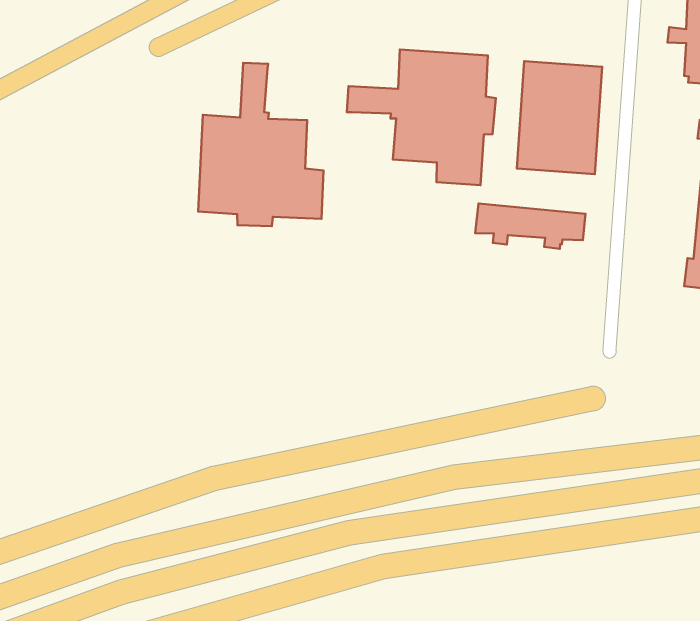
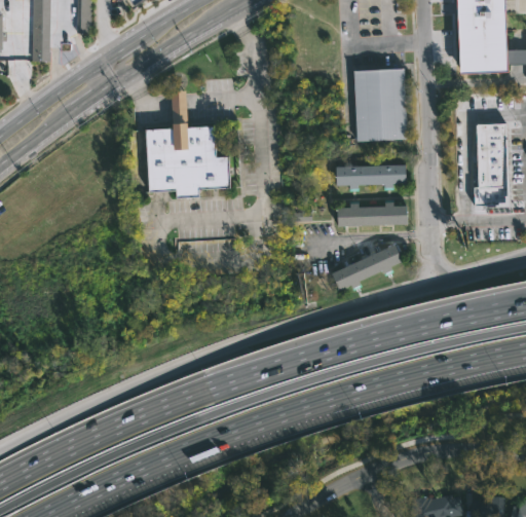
building: [347,50,496,185] -> none
building: none -> [335,201,407,225]
building: none -> [336,243,407,290]

